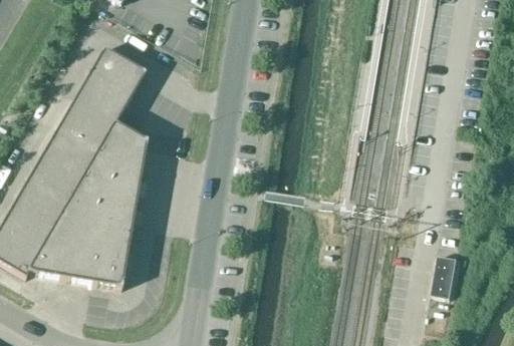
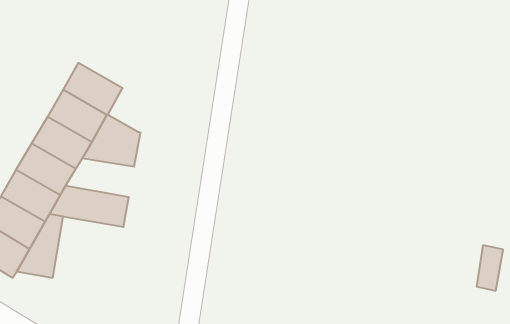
building: [87,45,145,96] -> none
building: [75,162,141,200] -> none
building: [63,218,131,286] -> none
building: [432,253,457,296] -> [477,245,503,291]

